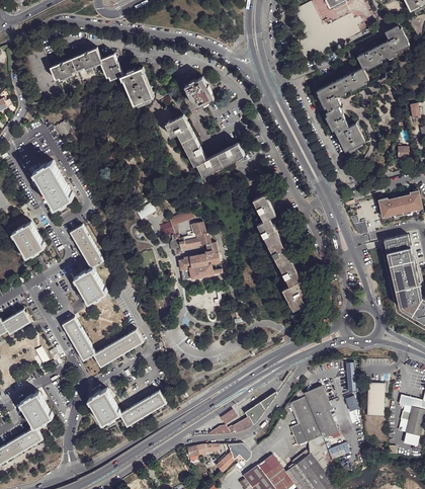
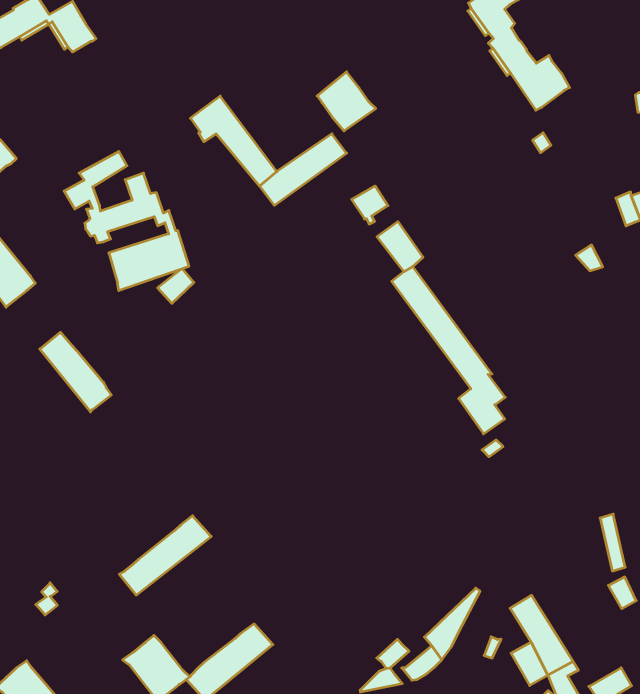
building: [120,69,153,107] -> none
building: [184,78,214,108] -> [317,72,376,131]
building: [160,209,219,280] -> [64,151,189,291]
building: [73,268,105,304] -> none
building: [61,318,95,361] -> none
building: [304,388,336,438] -> none

